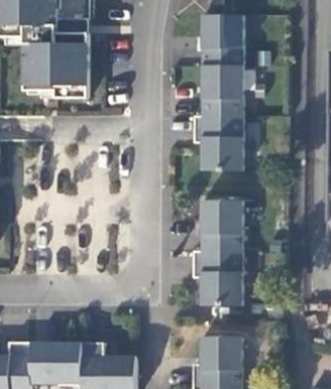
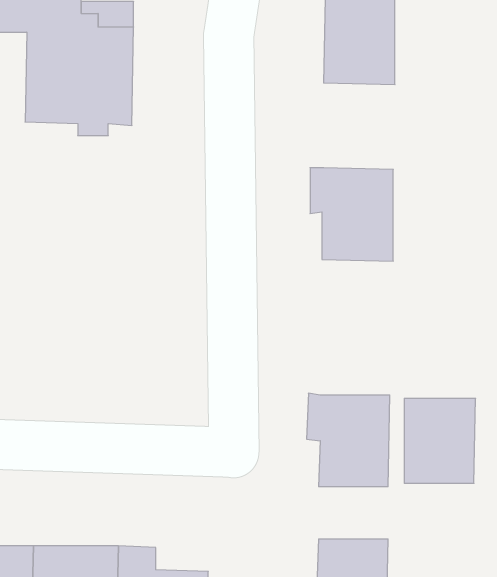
building: [203,67,245,118] -> none
building: [201,202,243,252] -> [404,398,476,483]

